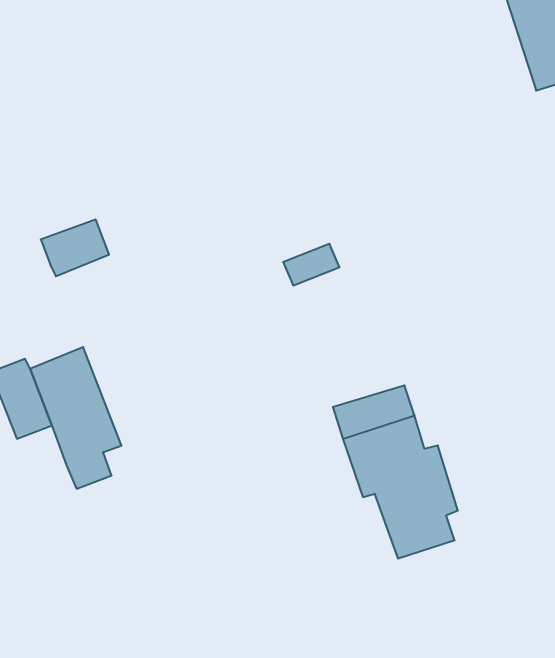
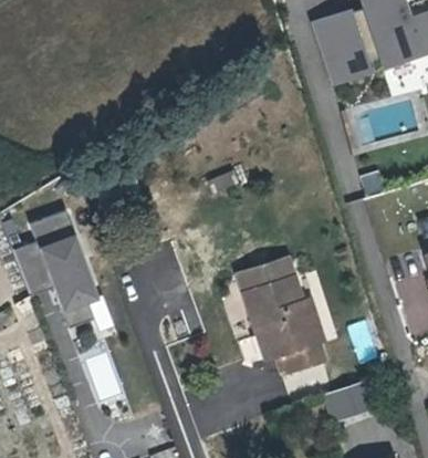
building: none -> [311,8,370,82]
building: [41,220,109,276] -> [31,210,76,248]
building: none -> [331,379,384,420]

